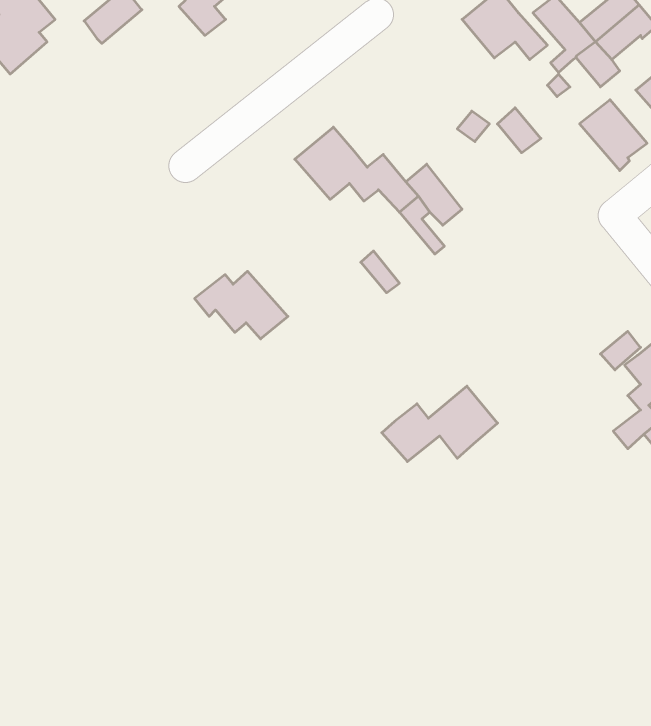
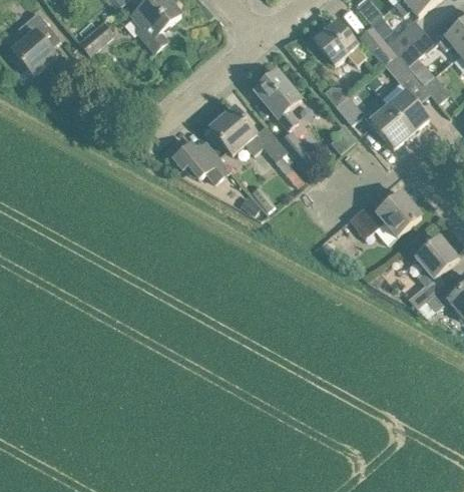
building: none -> [255,69,302,129]
building: none -> [369,104,412,147]
building: [195,271,288,339] -> [172,139,230,181]
building: [382,386,498,462] -> [348,190,420,237]

